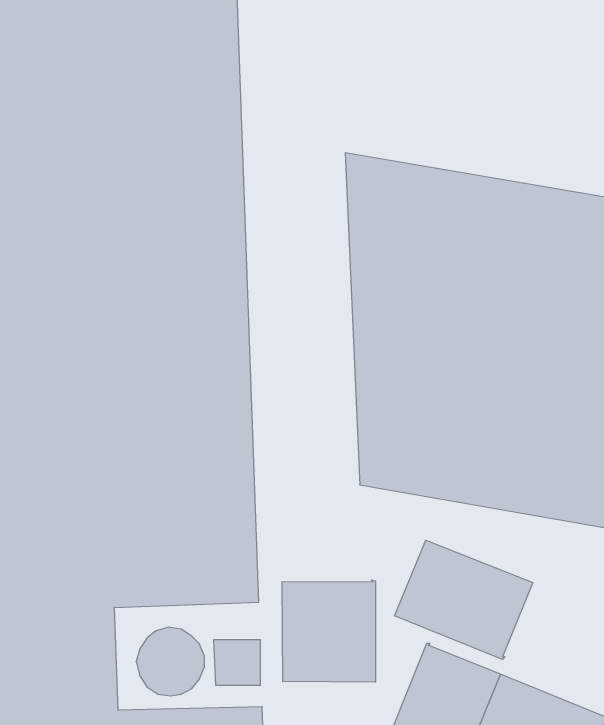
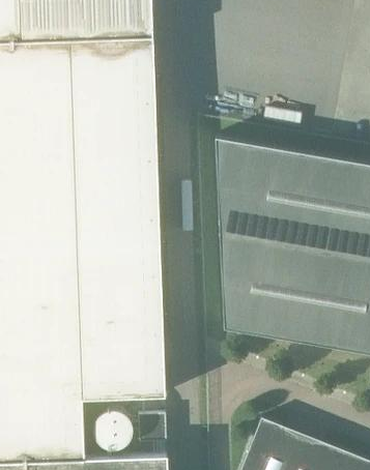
building: [395,540,533,659] -> none
building: [282,580,375,682] -> none

